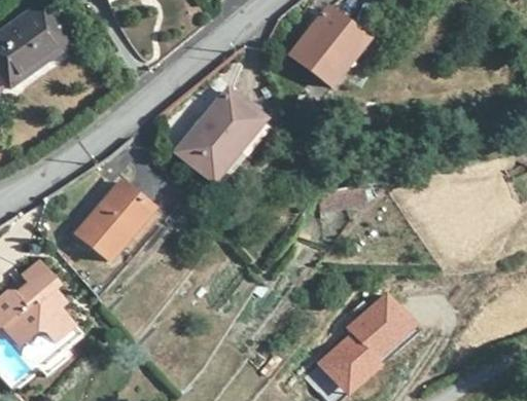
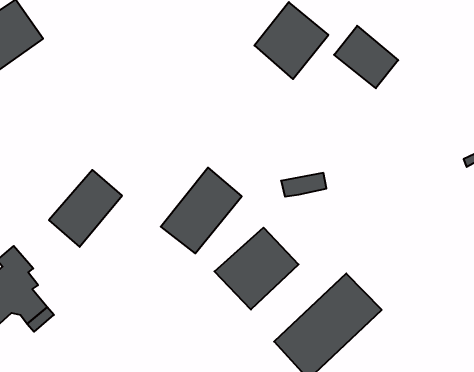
building: none -> [334,26,398,88]
building: [177,89,261,179] -> [161,168,242,253]
building: none -> [214,228,299,310]

